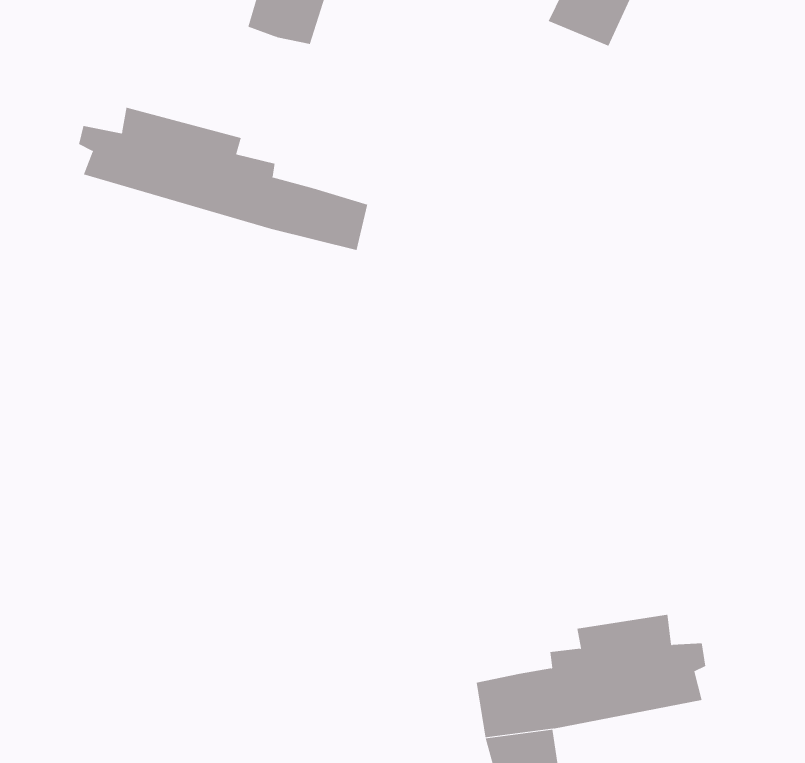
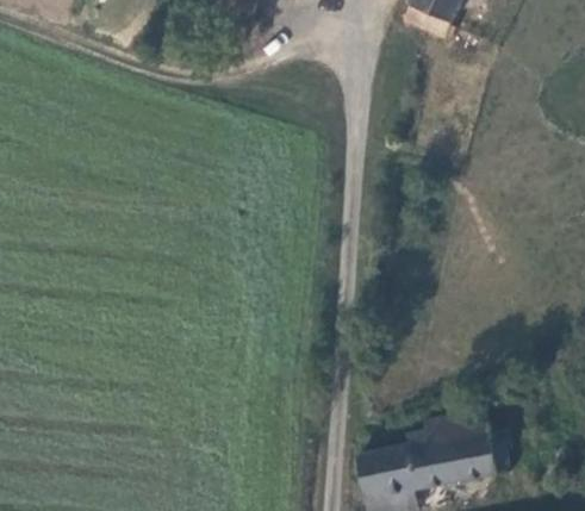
building: [79,107,368,251] -> none

